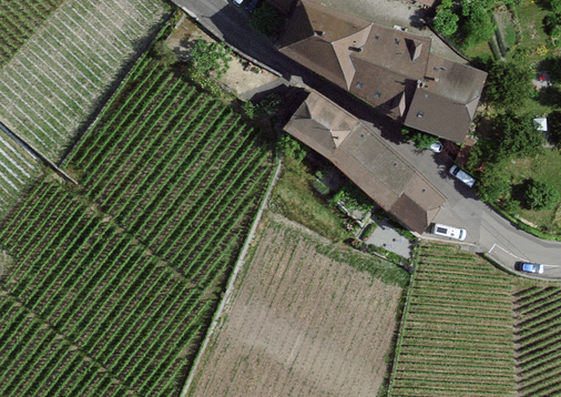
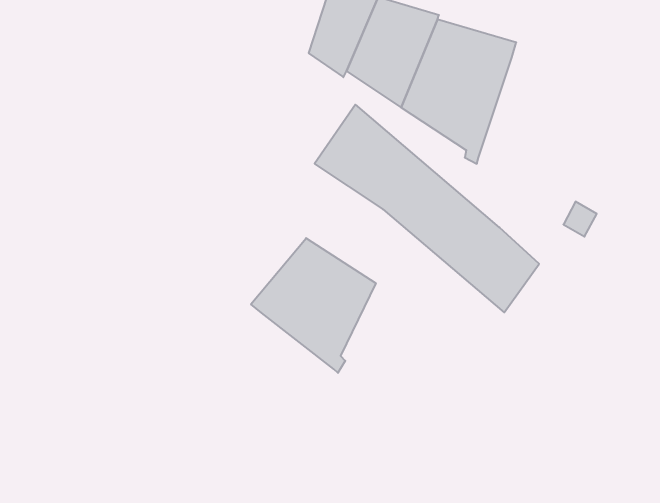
building: [402,51,486,144] -> none
building: none -> [251,238,376,373]

